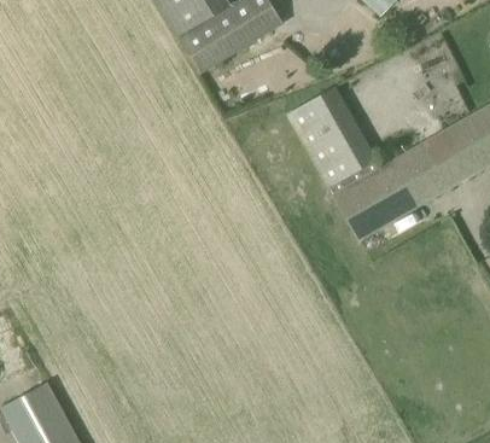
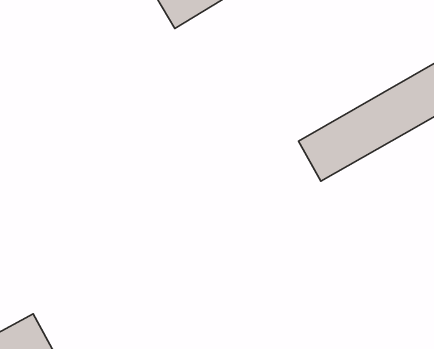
building: [286,84,378,186] -> none

